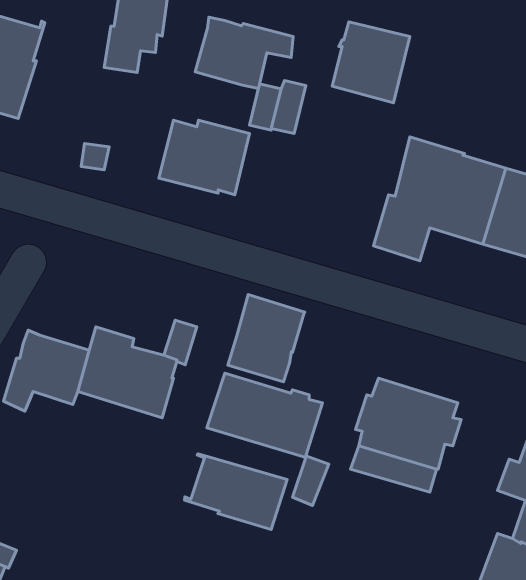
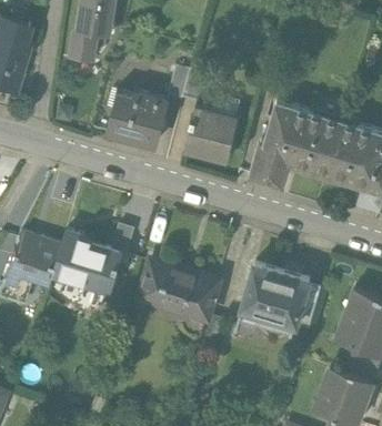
building: [195,17,293,89] -> none
building: [332,22,410,103] -> [185,106,238,161]
building: [228,294,305,382] -> none
building: [184,454,287,530] -> none

